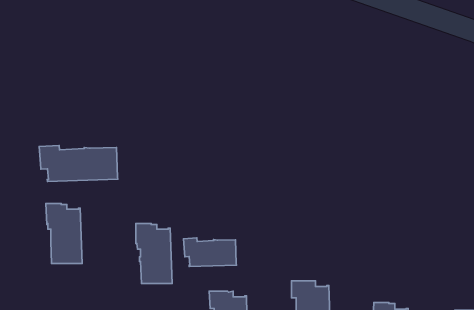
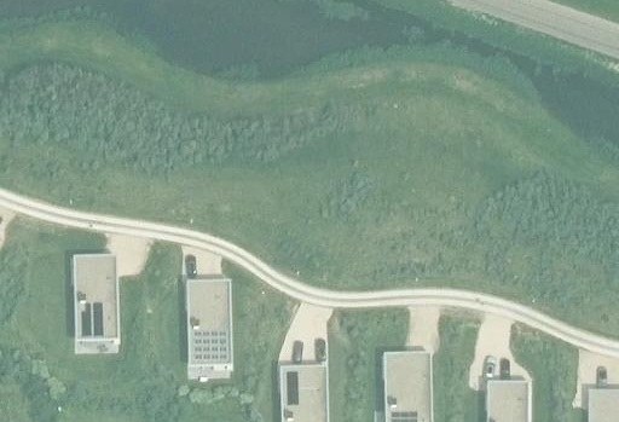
building: [39,145,118,181] -> none
building: [184,238,236,267] -> none

